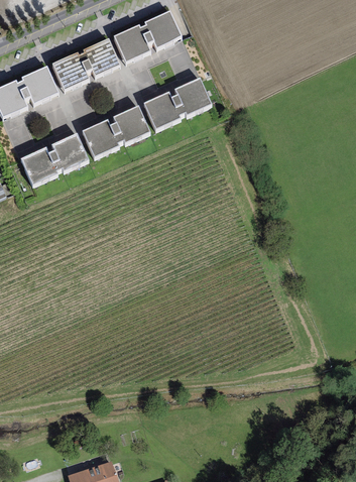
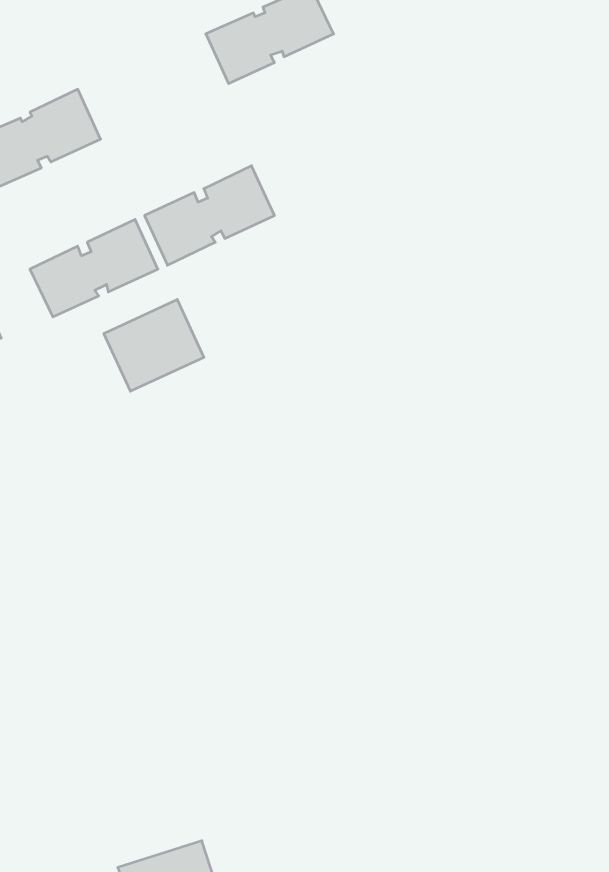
building: [51,37,120,90] -> none
building: [143,78,211,129] -> none
building: none -> [104,299,204,391]

